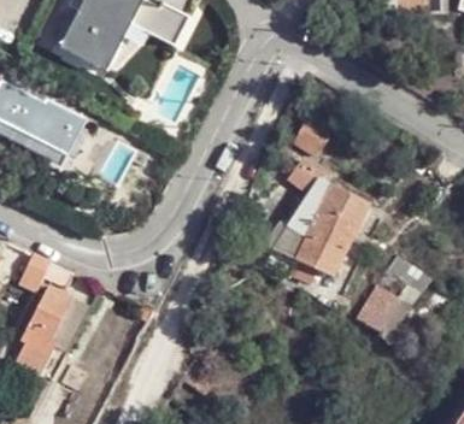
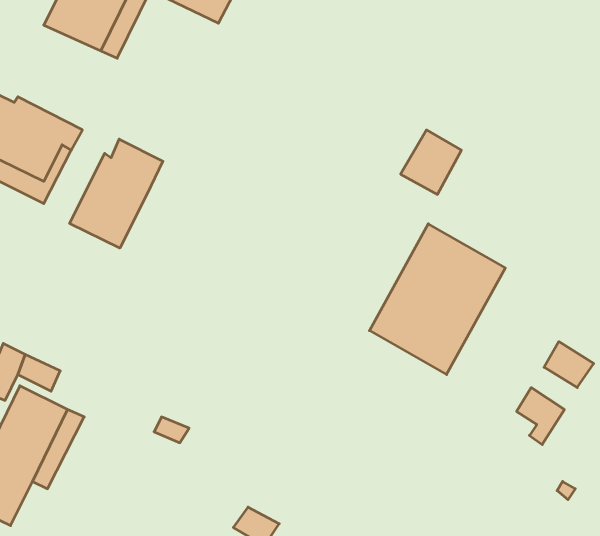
building: none -> [70,139,163,248]

